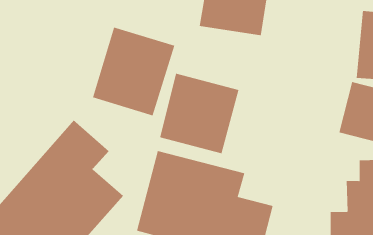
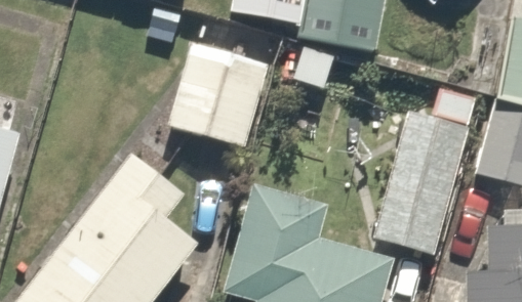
building: [159,73,239,154] -> none
building: none -> [373,118,467,255]

